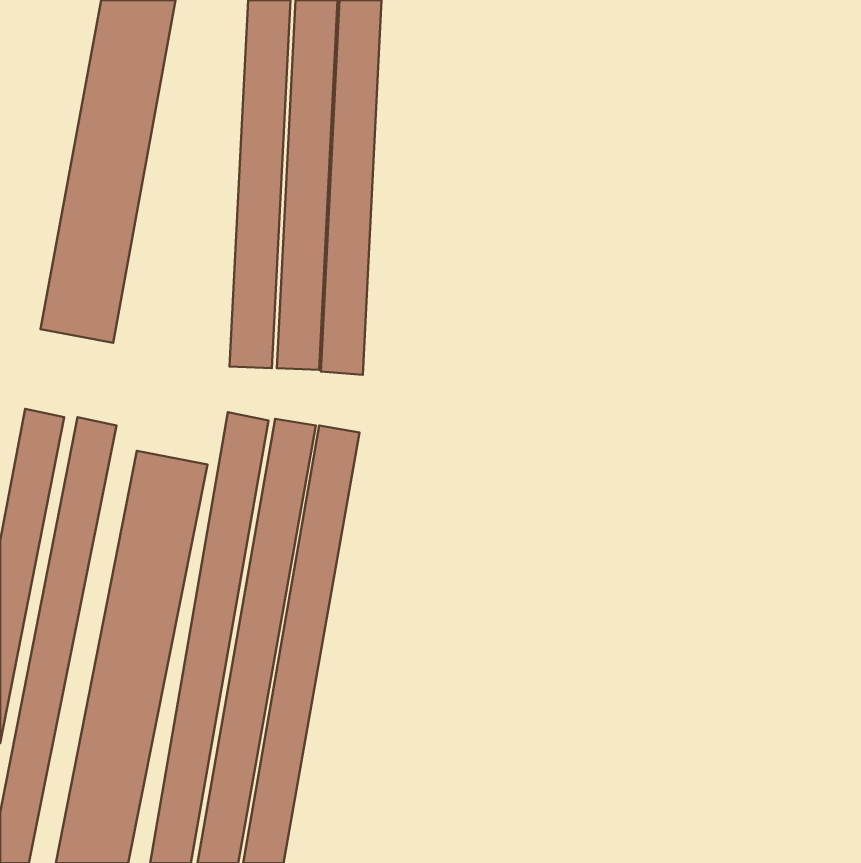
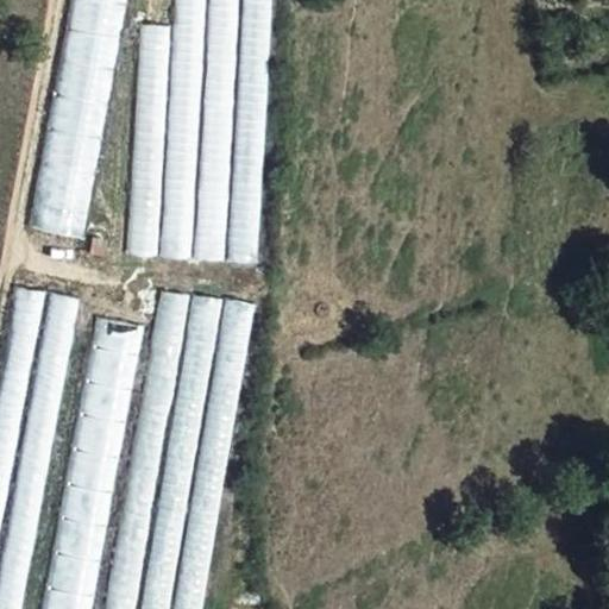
building: none -> [128,25,169,257]

